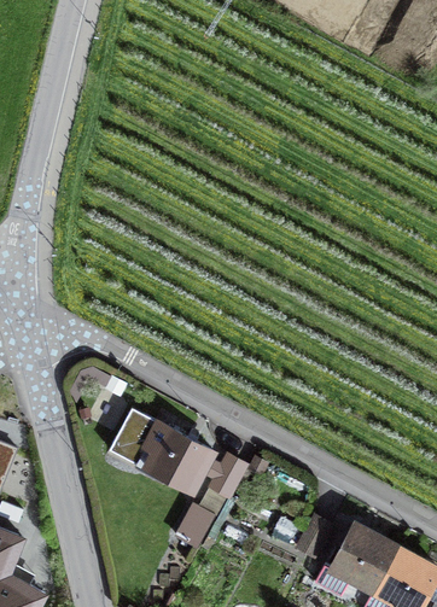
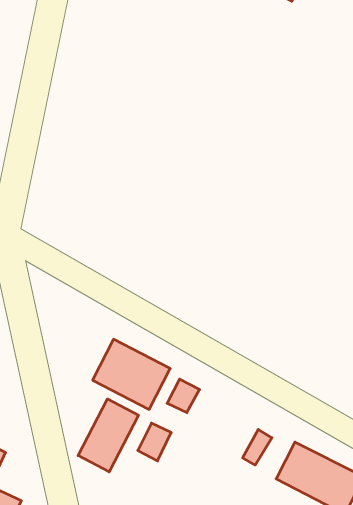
building: none -> [78,399,138,472]

